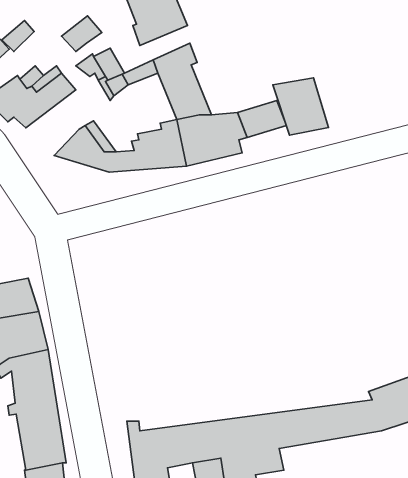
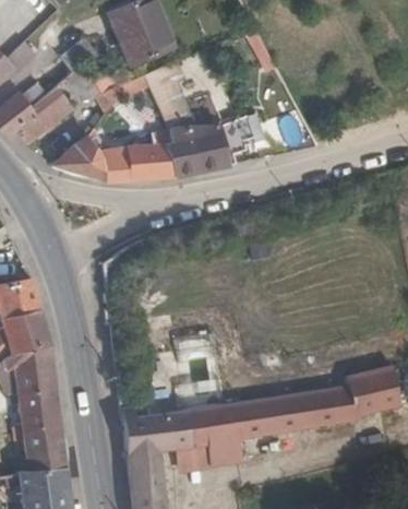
building: [273,78,328,135] -> none

